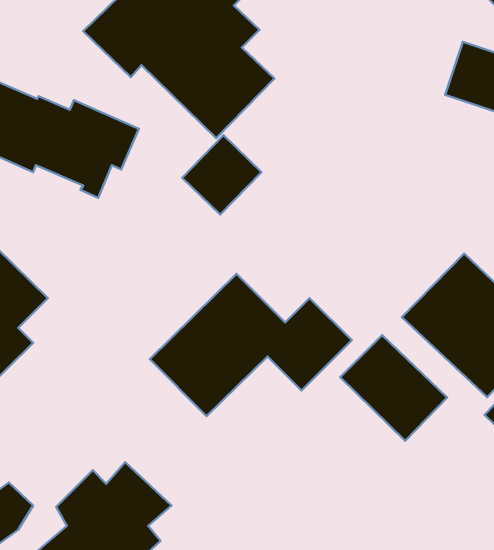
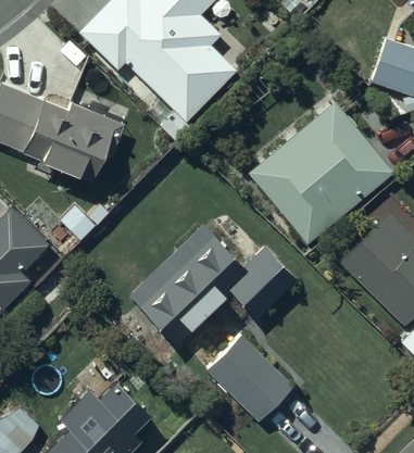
building: none -> [247,104,394,249]
building: [182,135,261,215] -> none
building: [340,335,447,441] -> [206,334,292,418]

